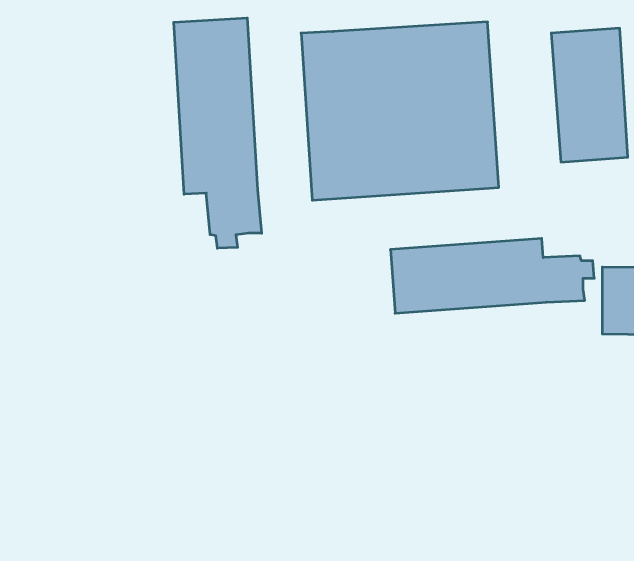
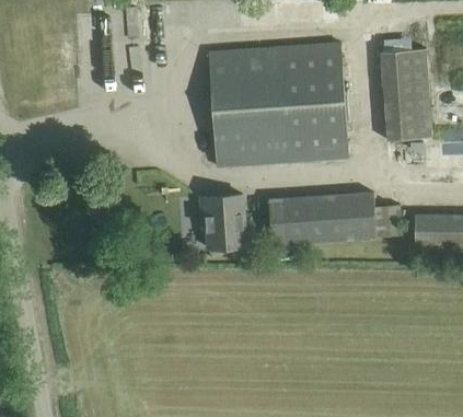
building: [174,18,262,248] -> none
building: none -> [200,195,245,248]

